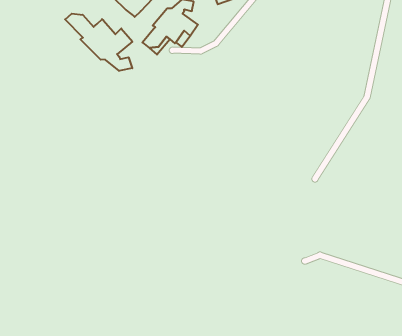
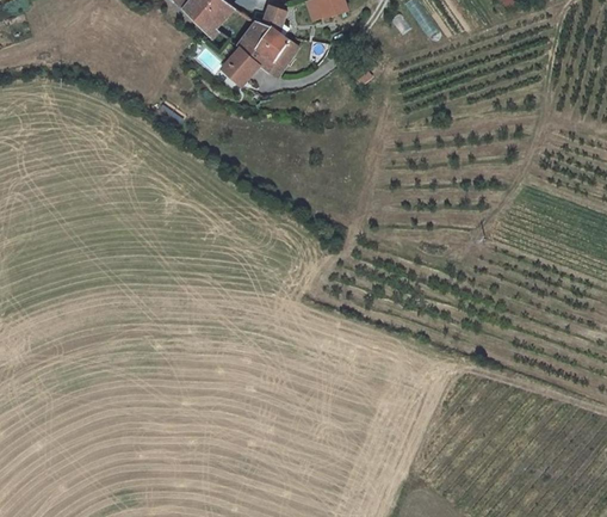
building: [65,14,132,71] -> none

